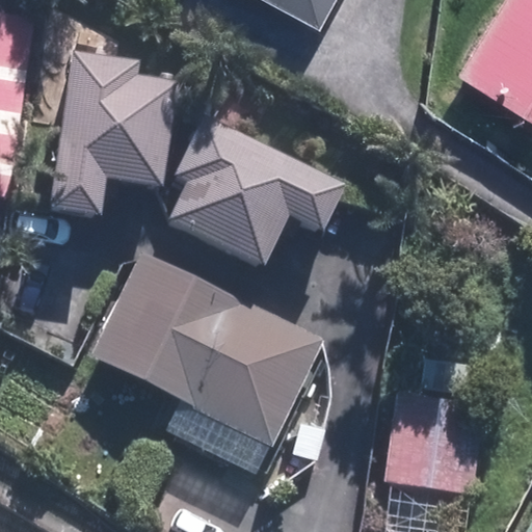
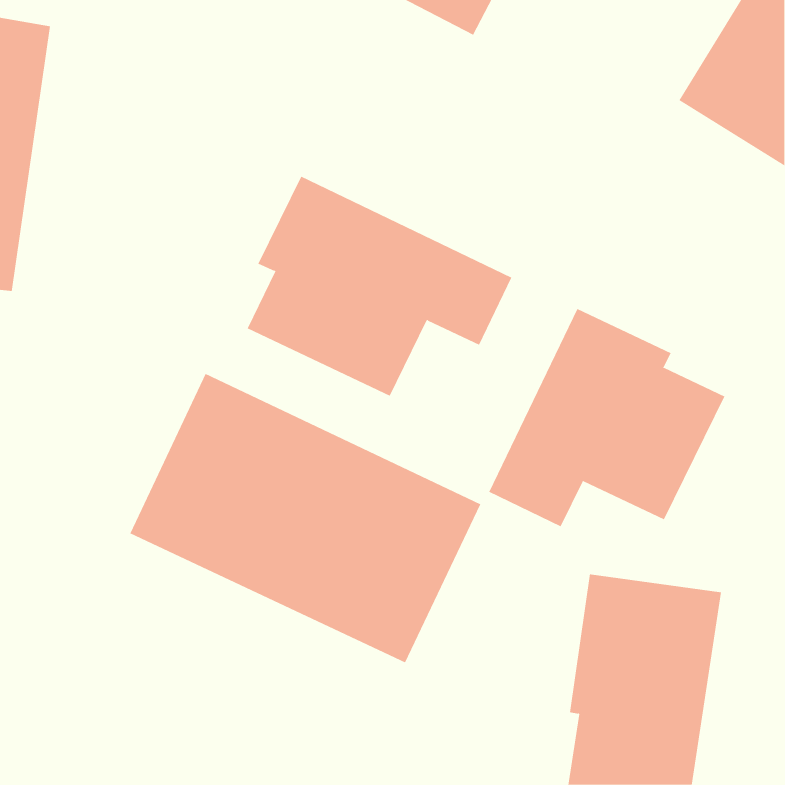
building: [48,54,177,218] -> none
building: none -> [489,308,725,527]

